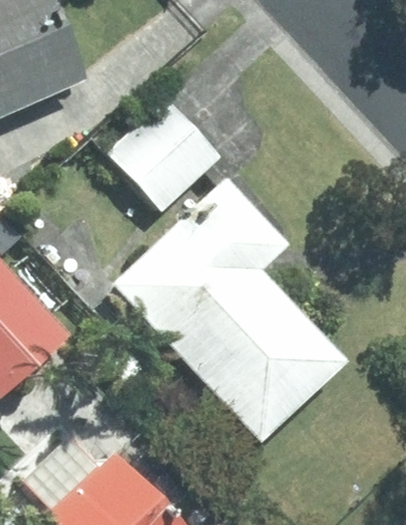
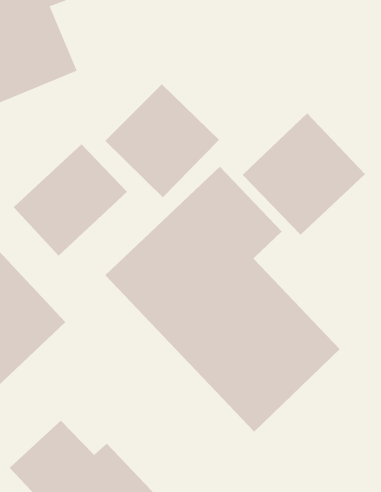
building: none -> [242,112,366,235]
building: none -> [13,143,128,256]

